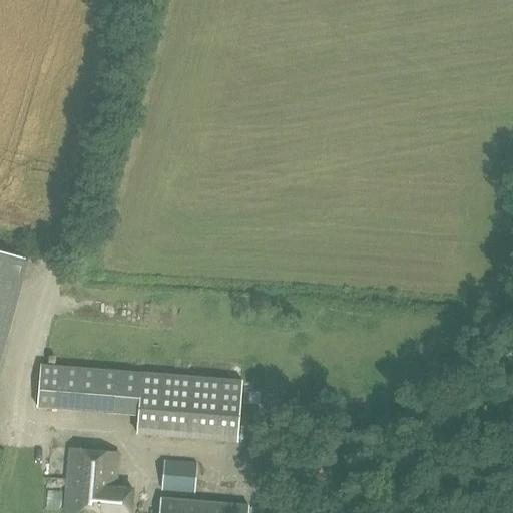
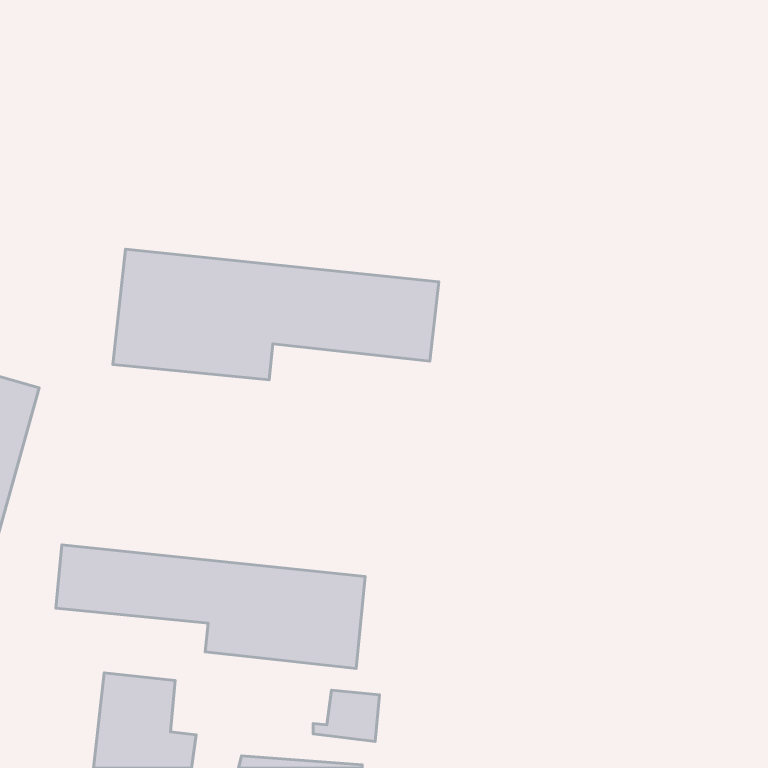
building: none -> [113,249,439,380]
building: [152,458,196,492] -> [313,690,380,741]

